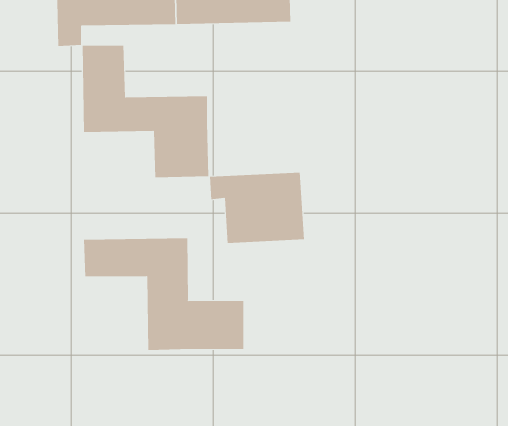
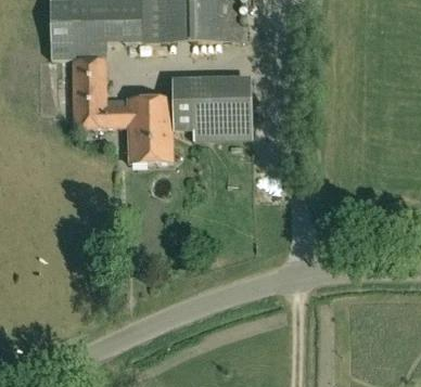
building: [209,172,305,243] -> [182,85,258,141]
building: [83,237,244,351] -> none

